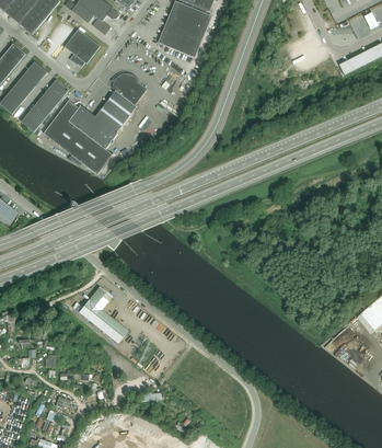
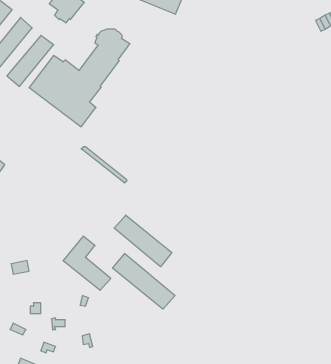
building: none -> [114,215,172,267]
building: none -> [113,253,175,309]

